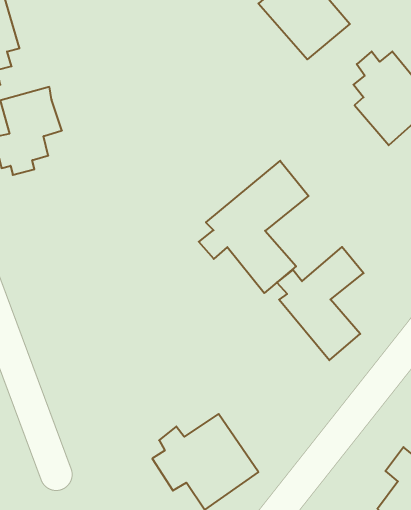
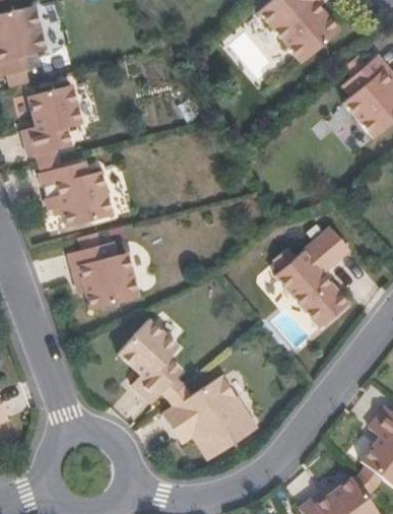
building: [199,161,309,293] -> none
building: none -> [38,157,112,227]
building: none -> [68,232,139,309]
building: none -> [119,319,183,402]

